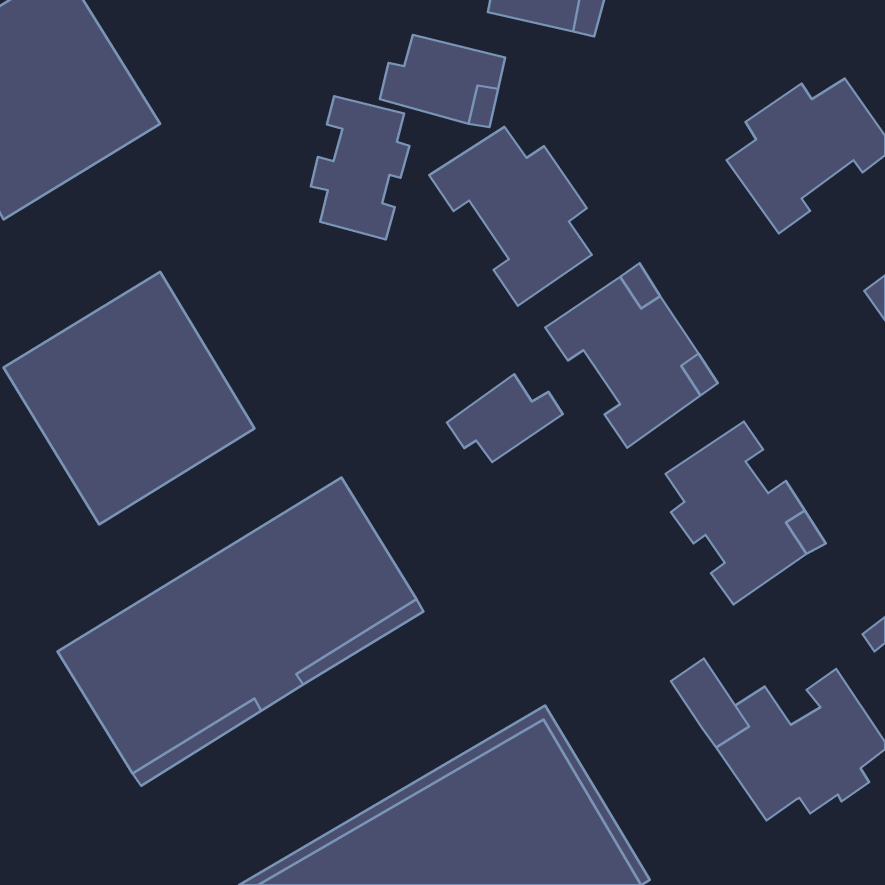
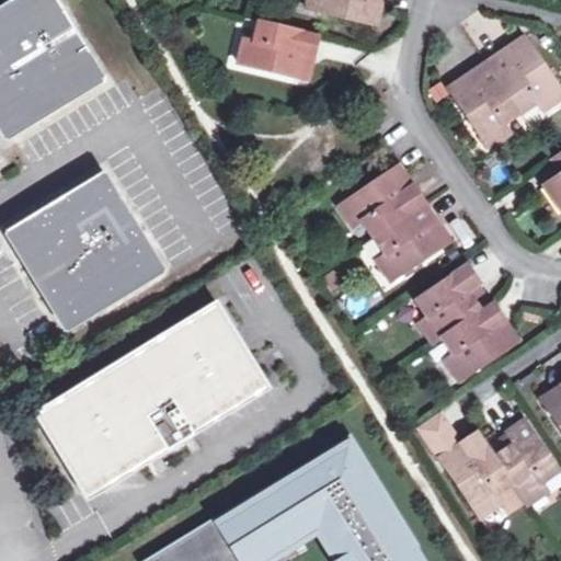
building: [311,96,410,239] -> none
building: [429,127,592,306] -> none
building: [447,374,563,462] -> none

